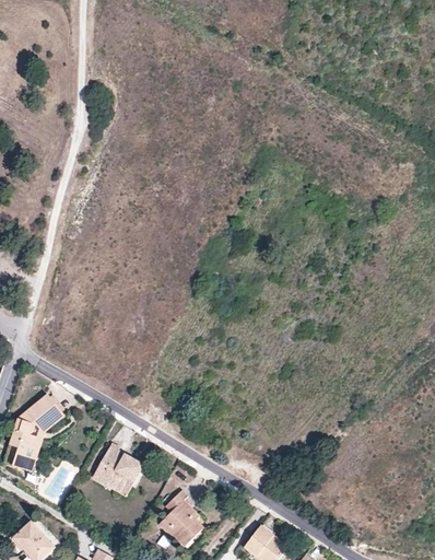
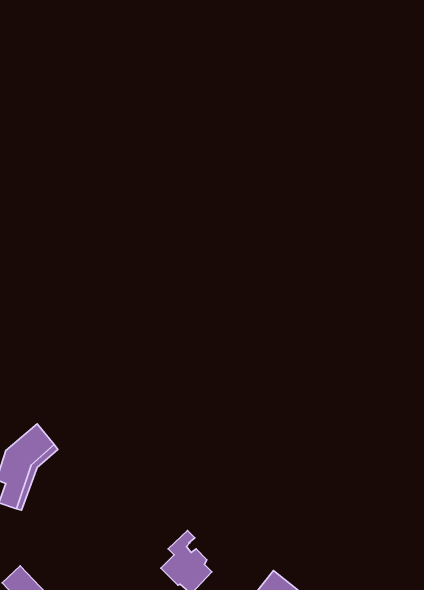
building: [92,444,144,497] -> none

